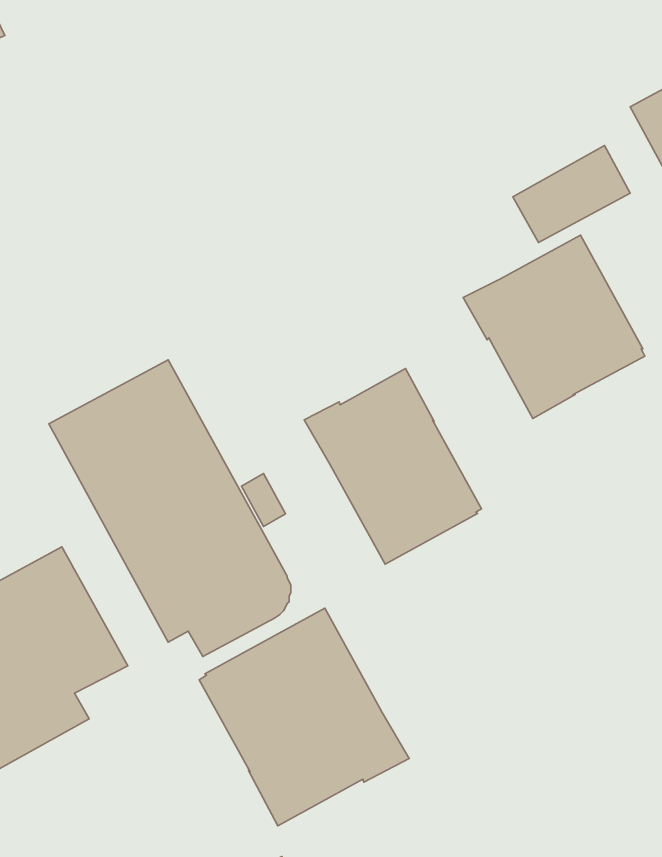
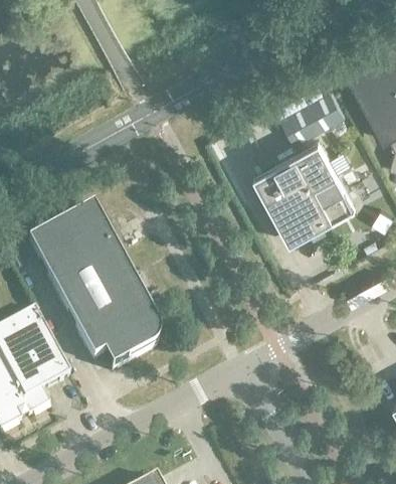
building: [304,369,482,564] -> none
building: [199,608,409,826] -> none

